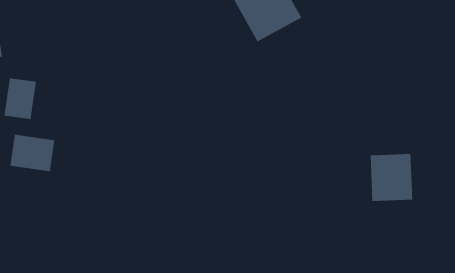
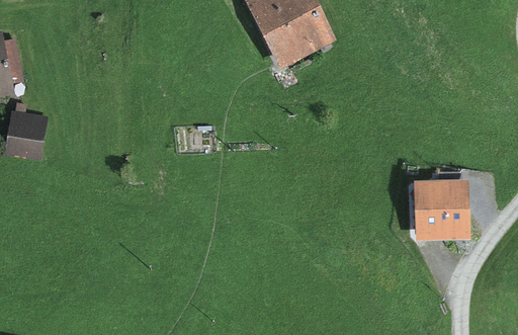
building: [9,134,55,172] -> none

